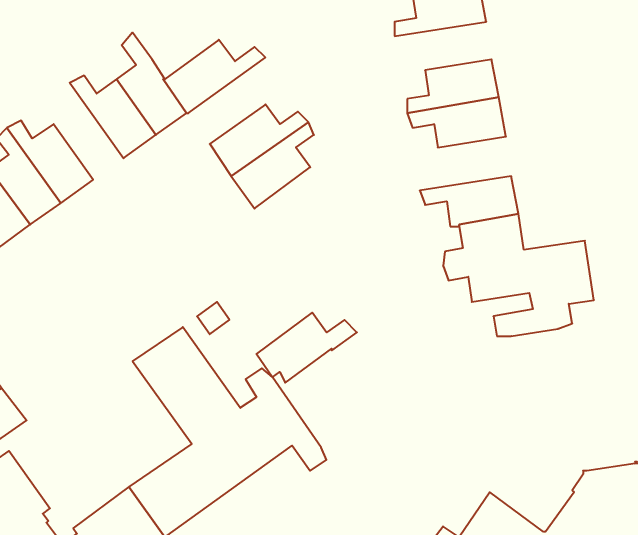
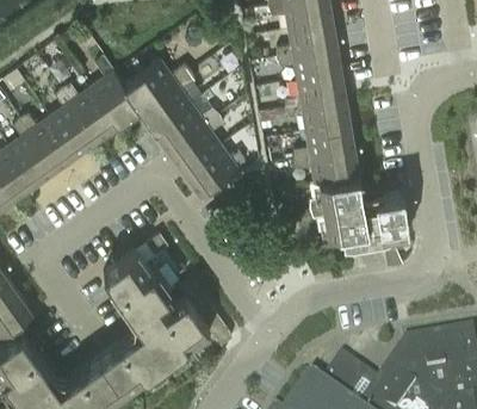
building: none -> [277,48,341,80]
building: none -> [140,72,196,129]
building: none -> [50,88,97,153]
building: none -> [293,124,354,160]
building: [256,313,357,383] -> [184,144,250,191]

